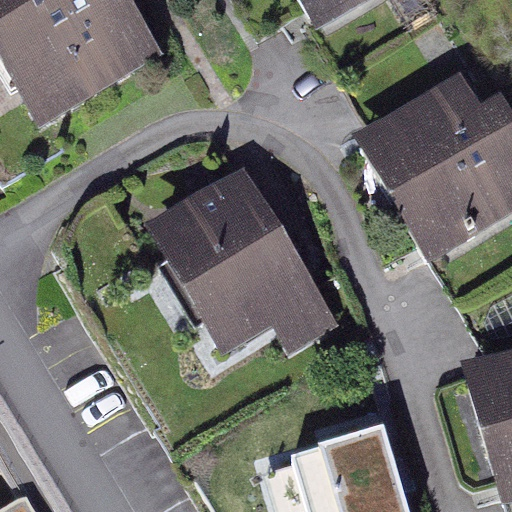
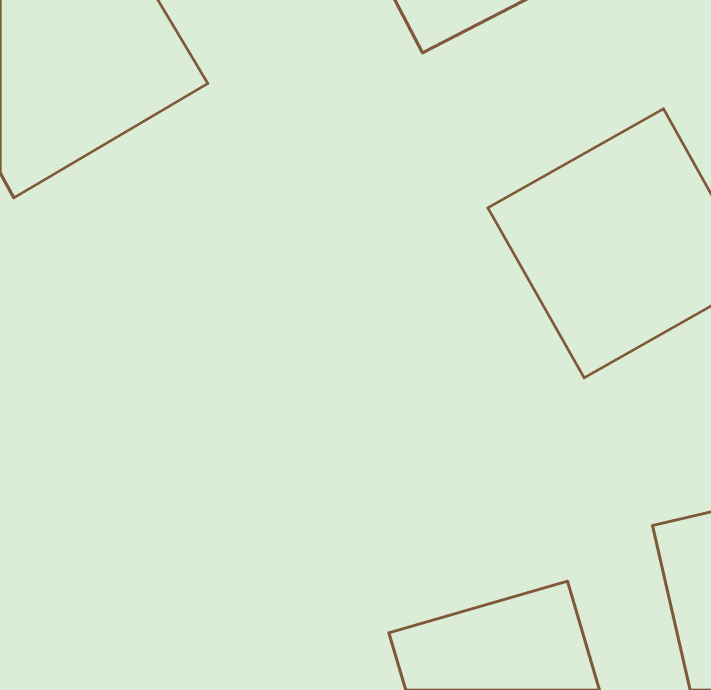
building: [153,183,346,362] -> none

